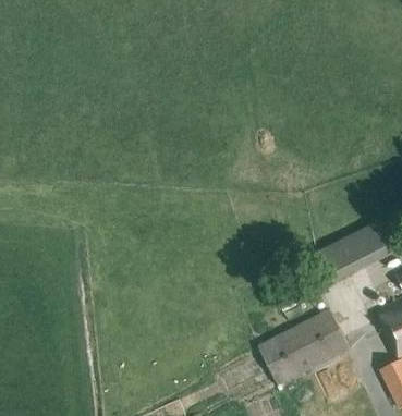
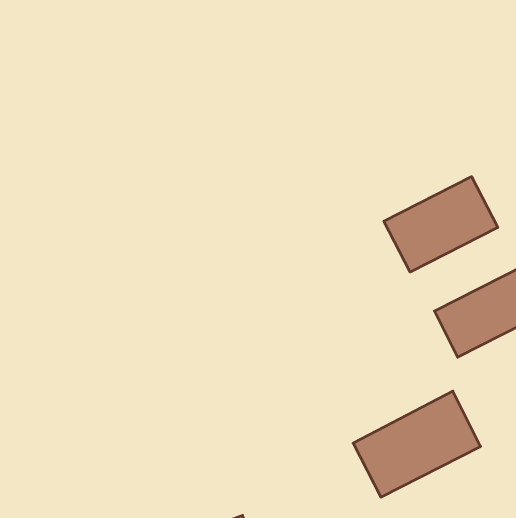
building: none -> [384,177,498,272]

